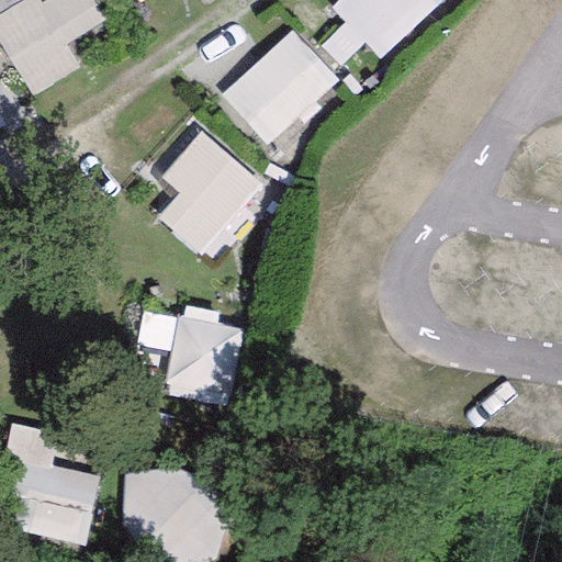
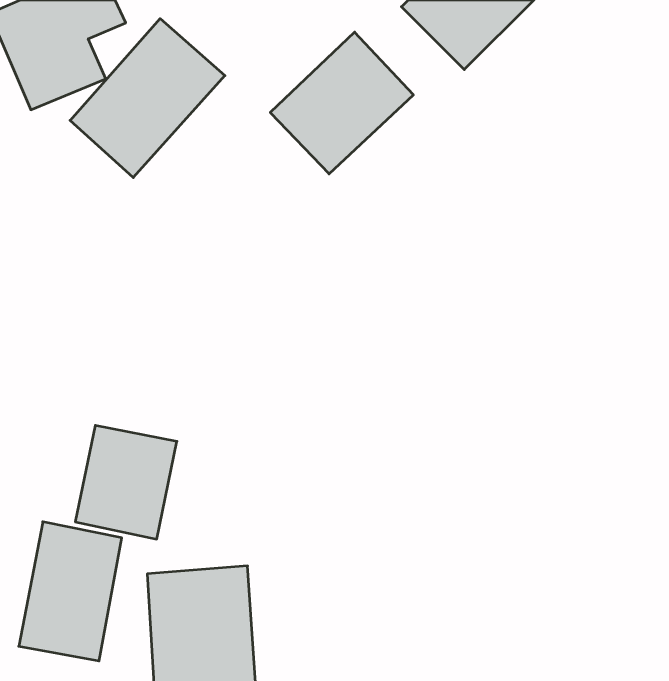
building: none -> [70,19,225,178]
building: [160,128,267,258] -> none
building: [161,311,245,404] -> [75,425,177,539]

